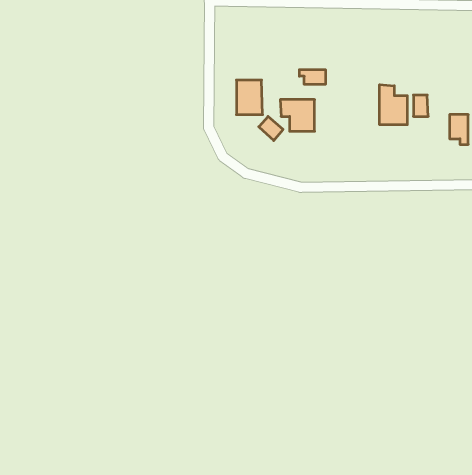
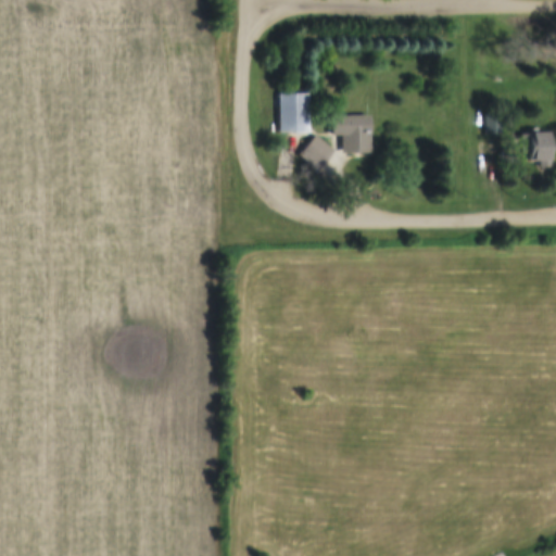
building: [299,70,325,84] -> none
building: [380,85,407,125] -> none

